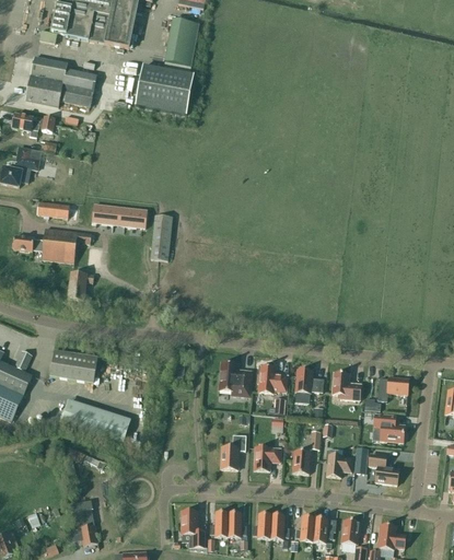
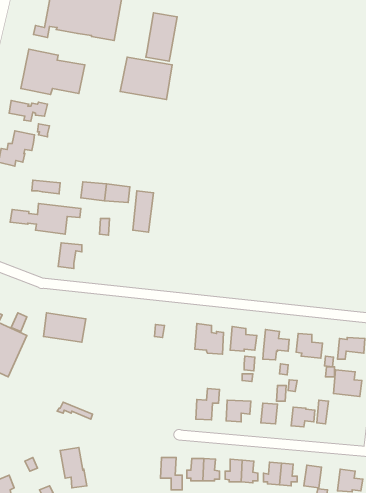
building: [61,401,130,442] -> none
building: [369,454,399,485] -> none

